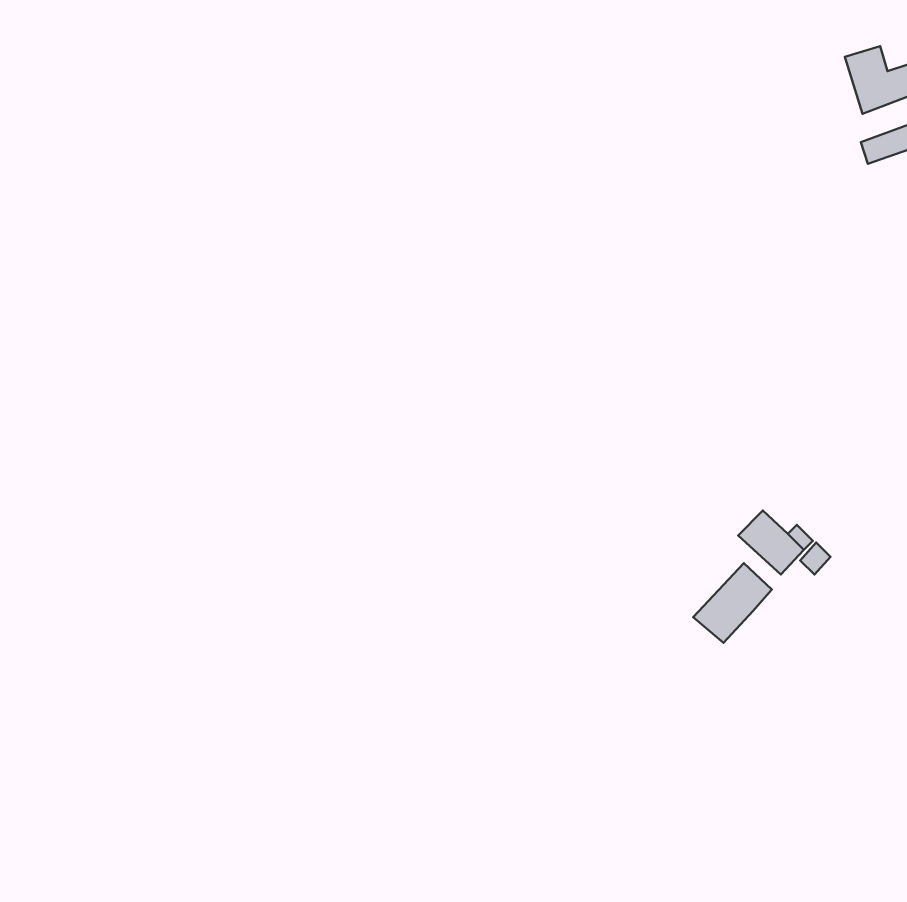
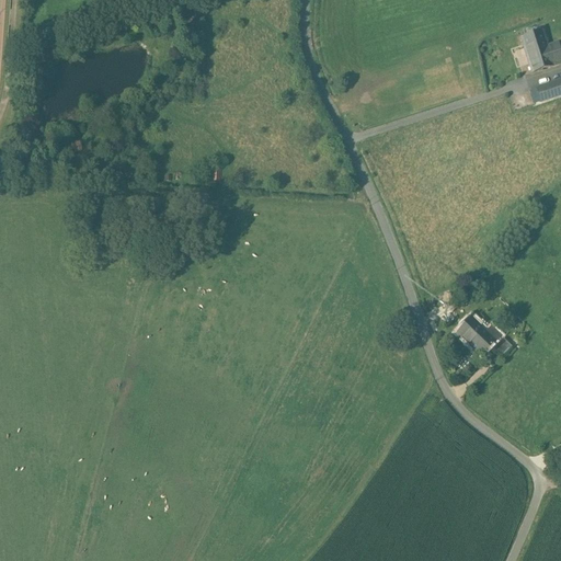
building: [693,563,772,643] -> none

